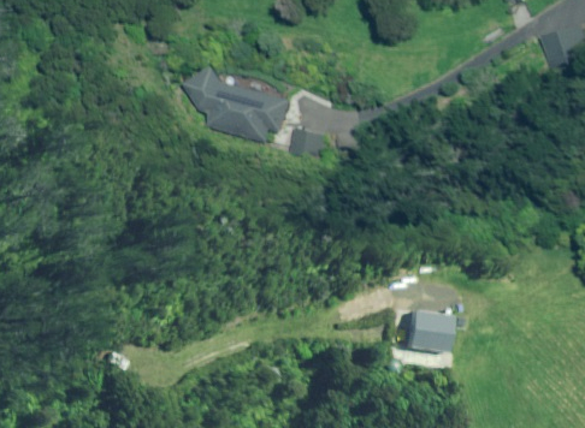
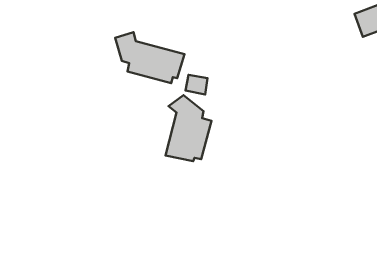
building: none -> [165,95,211,161]
building: [401,309,447,351] -> none

